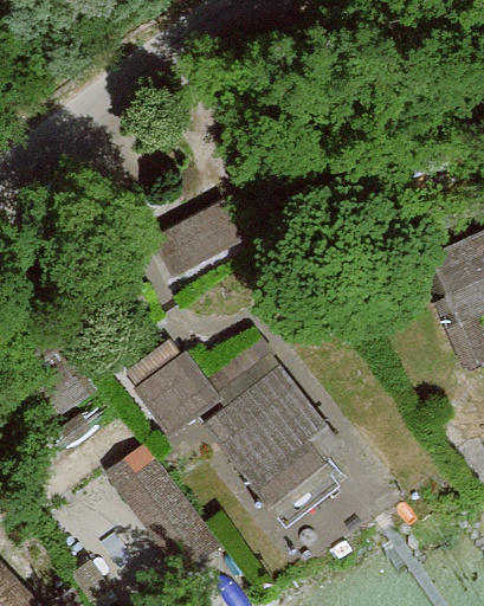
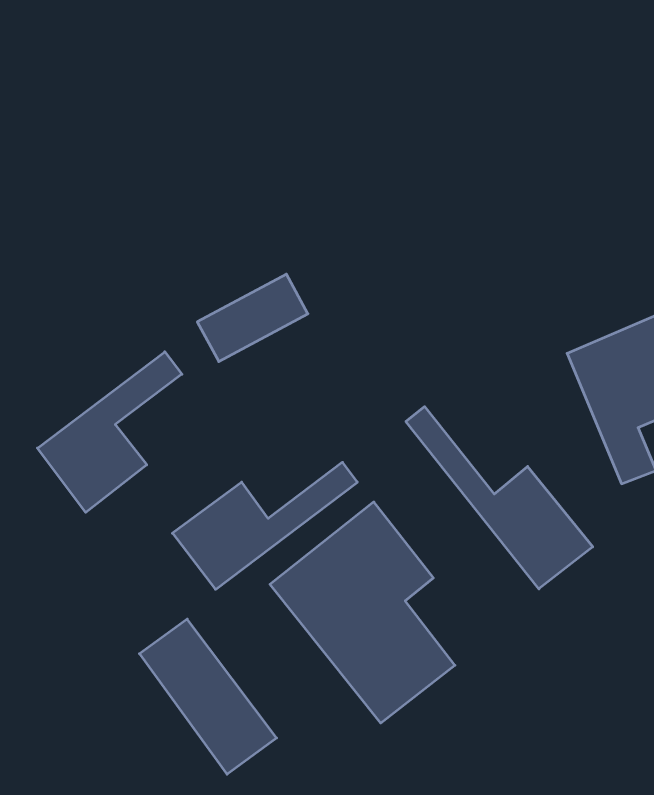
building: none -> [37,352,182,512]
building: none -> [406,407,593,589]

